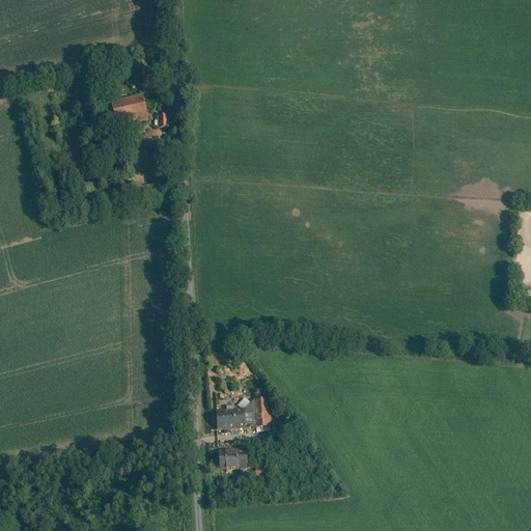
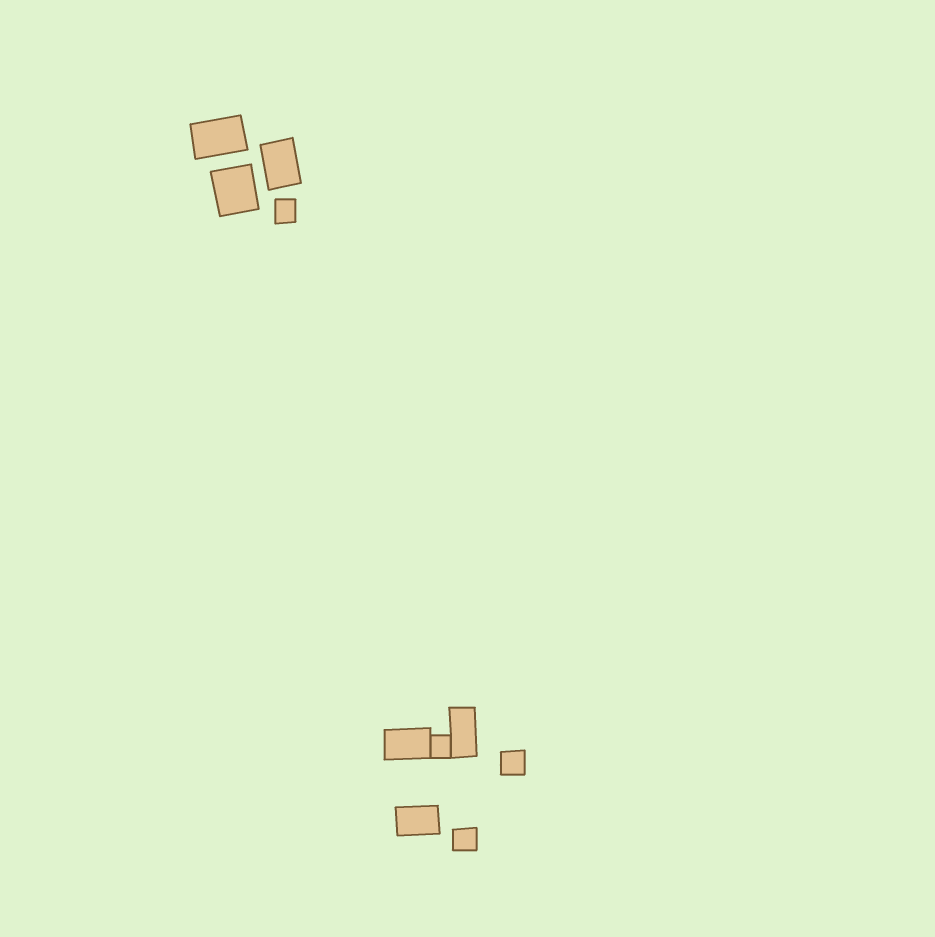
building: none -> [191,115,248,159]
building: none -> [261,138,301,190]

